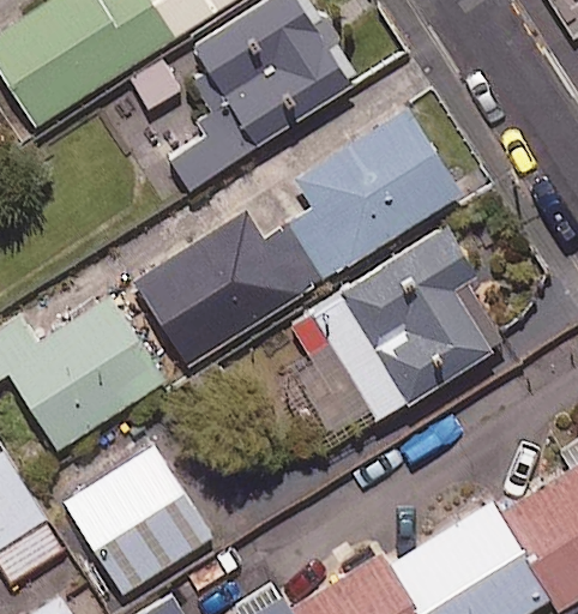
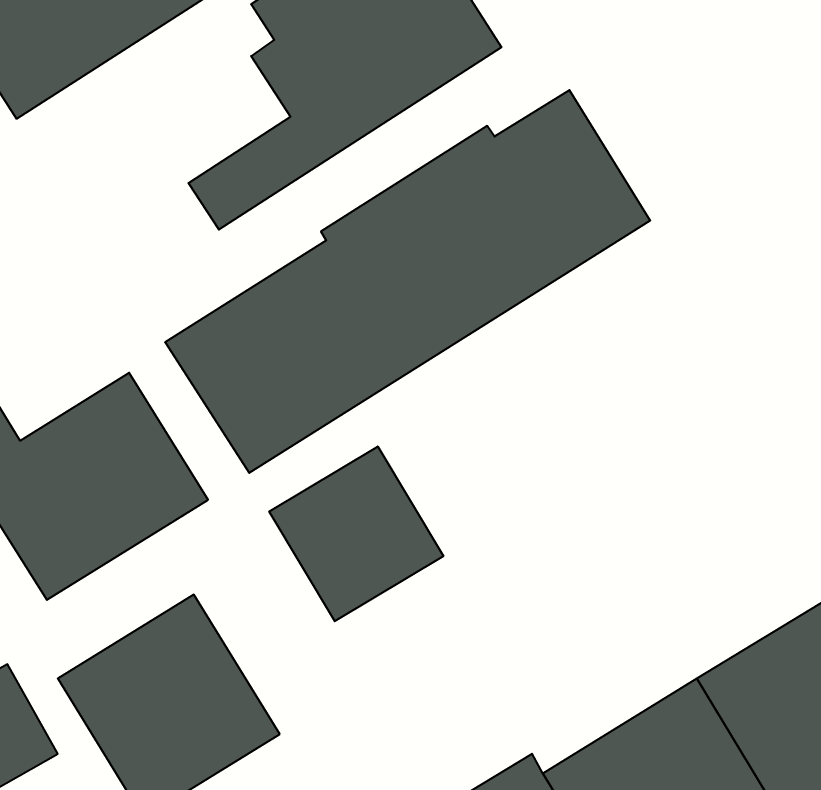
building: [312,233,504,419] -> none
building: none -> [269,446,443,621]

